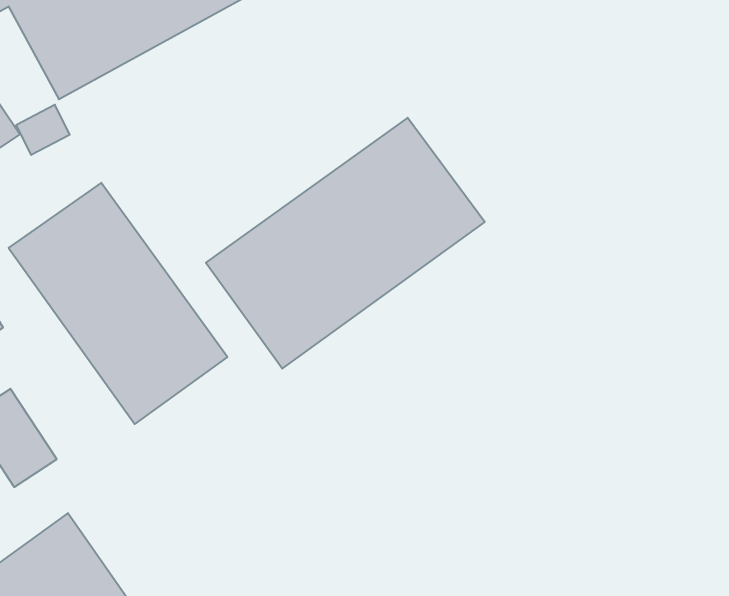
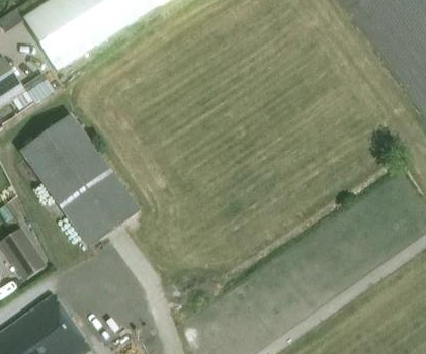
building: [206,118,485,369] -> none

